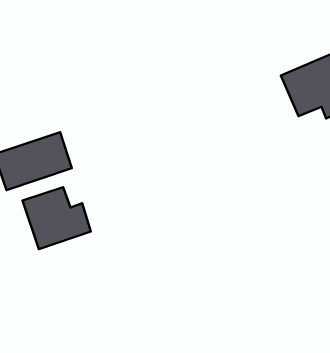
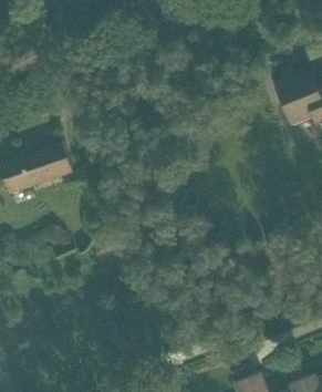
building: [23,187,91,249] -> none

